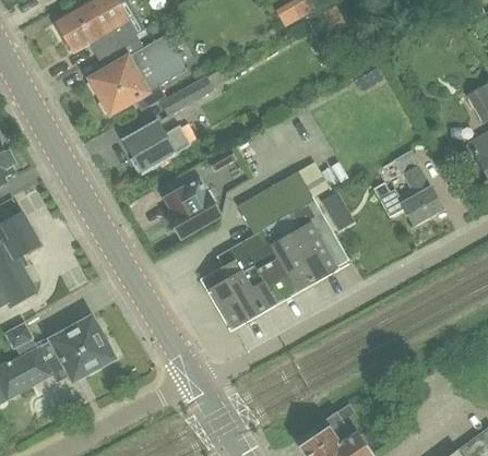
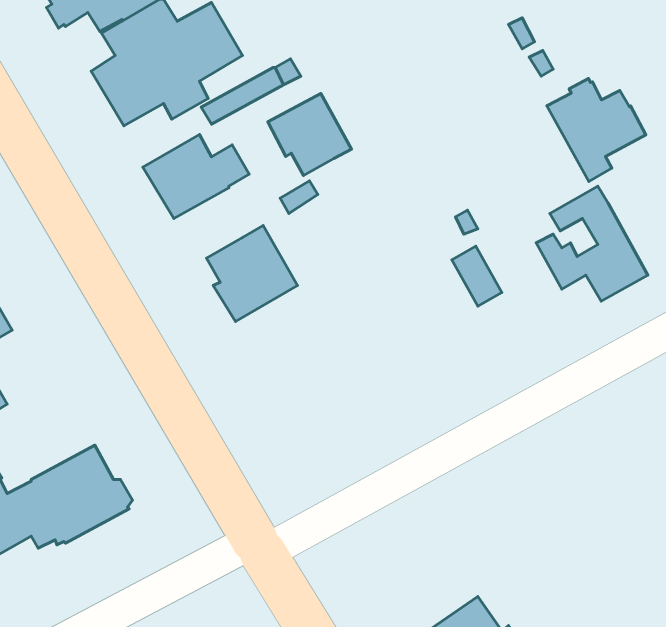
building: none -> [547,78,646,182]
building: none -> [268,93,352,175]
building: [210,170,349,326] -> none

